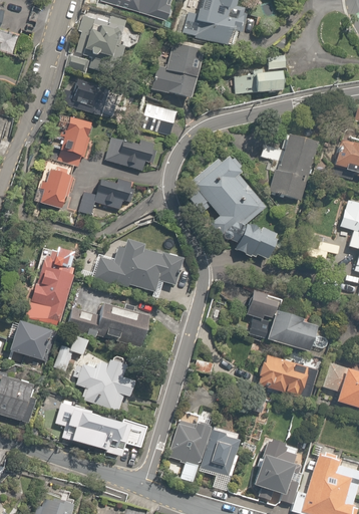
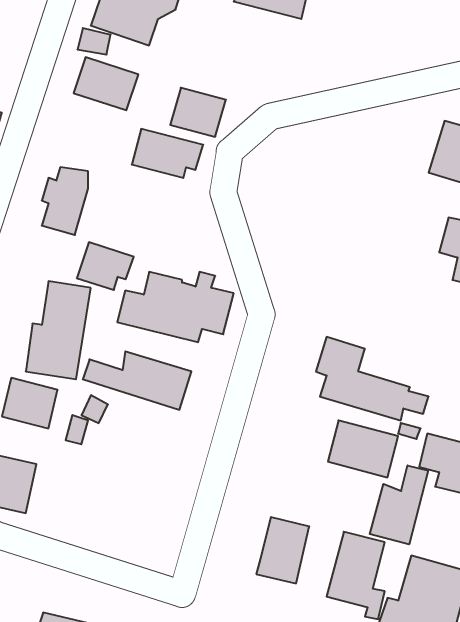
building: [151,41,206,101] -> none
building: [236,70,286,92] -> none
building: [52,116,94,161] -> none
building: [273,135,318,201] -> none
building: [189,155,277,261] -> none
building: [93,175,136,211] -> [77,242,134,290]
building: [79,354,134,411] -> none
building: none -> [370,465,428,544]
building: [62,408,147,463] -> none
building: [167,422,210,481] -> none

